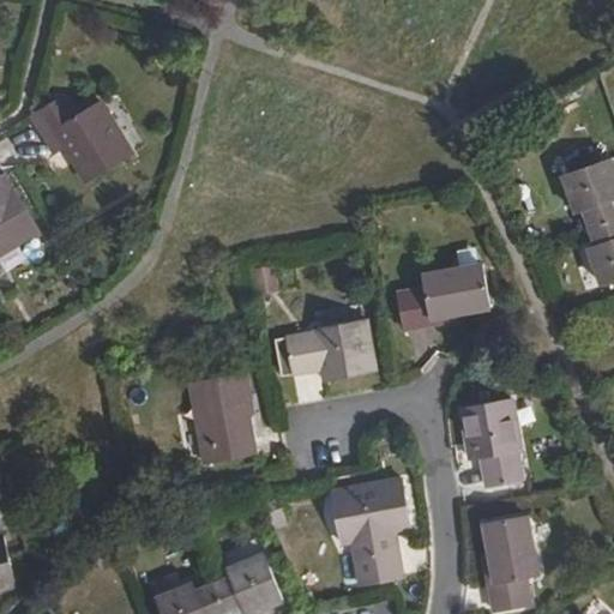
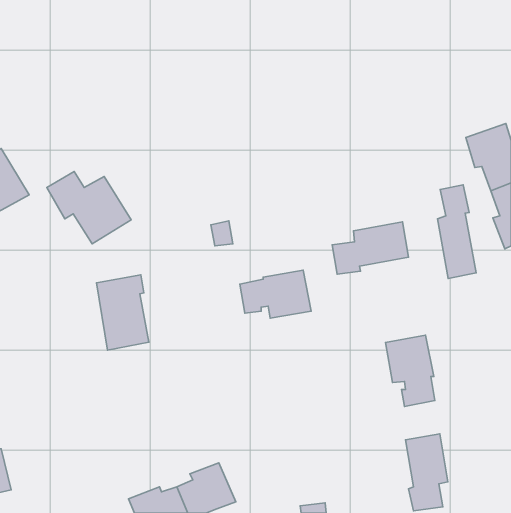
building: [38,91,139,177] -> [47,172,131,244]
building: none -> [437,185,476,278]
building: [192,373,254,463] -> [97,275,149,350]
building: [332,481,409,585] -> none

